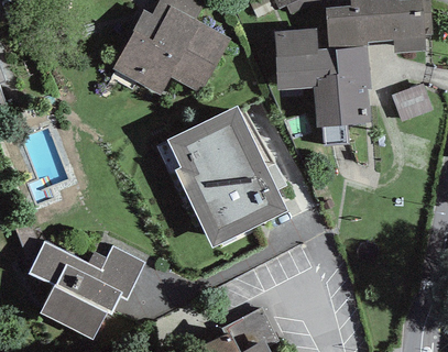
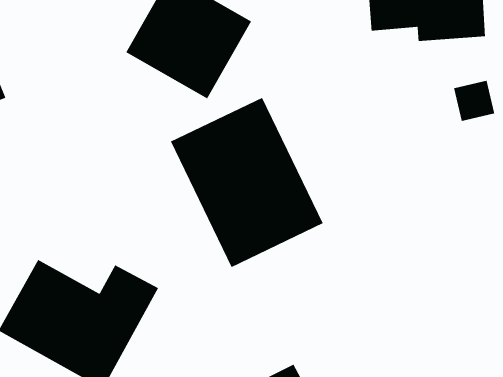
building: [272,28,370,125] -> none

